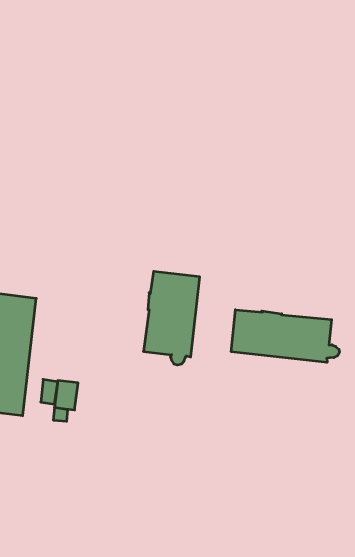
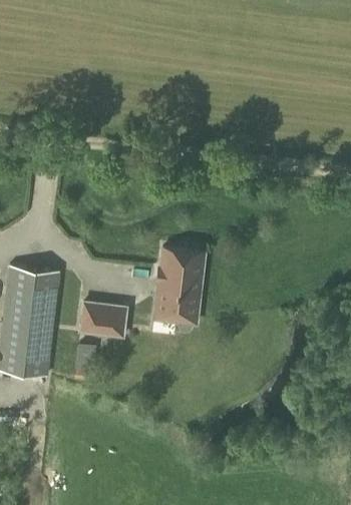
building: [231,310,339,362] -> none
building: none -> [78,302,127,340]

